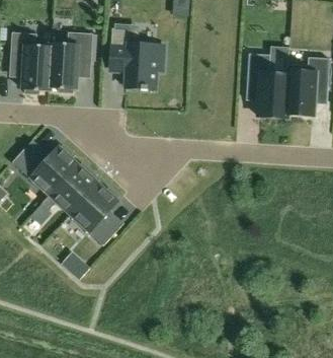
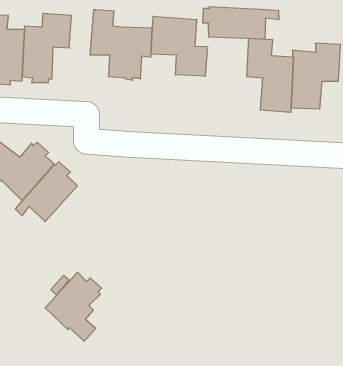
building: none -> [203,7,279,39]
building: none -> [151,16,207,76]
building: [70,183,119,243] -> [45,272,102,341]

